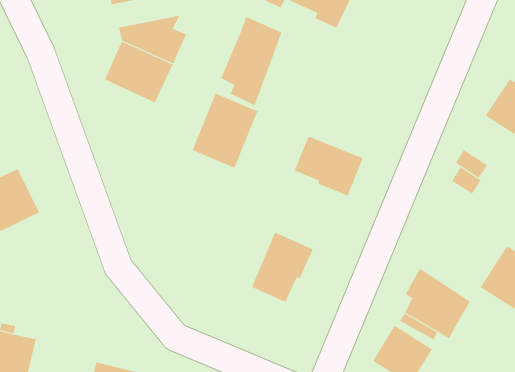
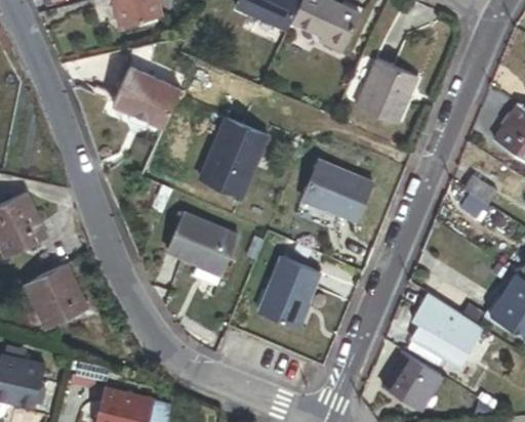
building: [221,16,282,106] -> none
building: none -> [356,60,419,127]
building: none -> [170,215,240,288]
building: none -> [26,264,86,329]

